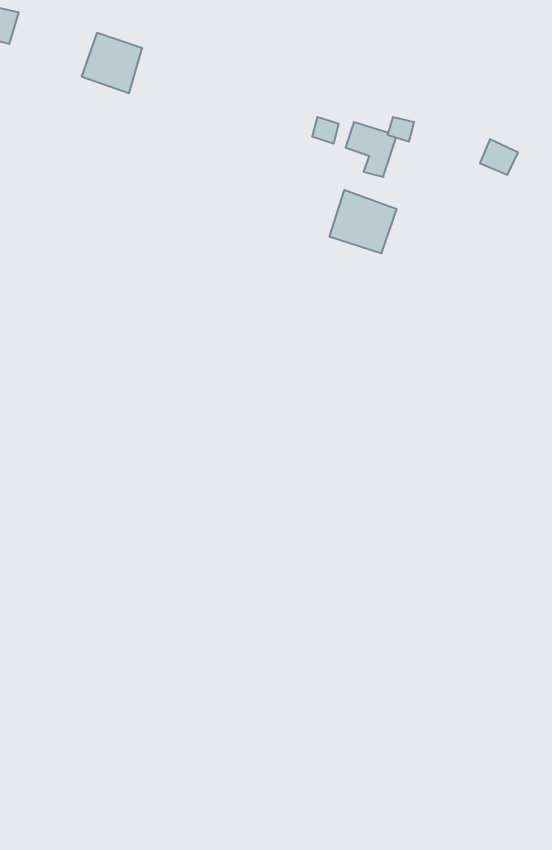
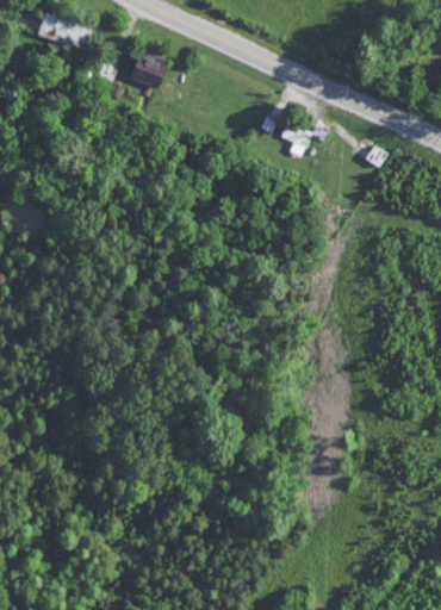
building: [330,190,397,253] -> none

